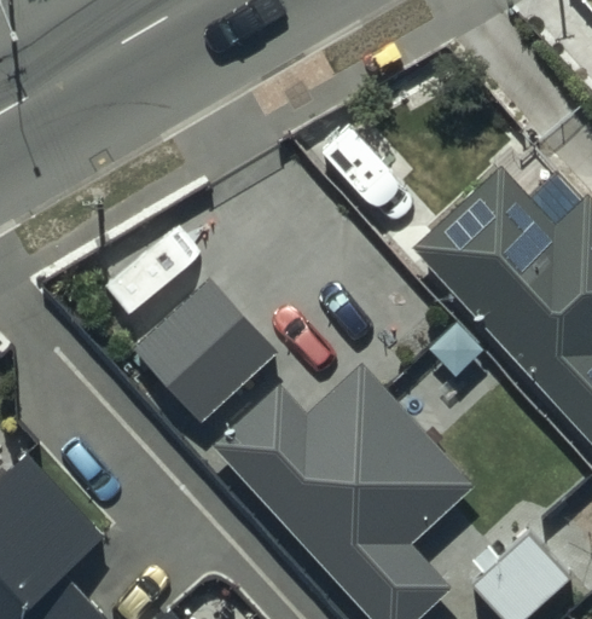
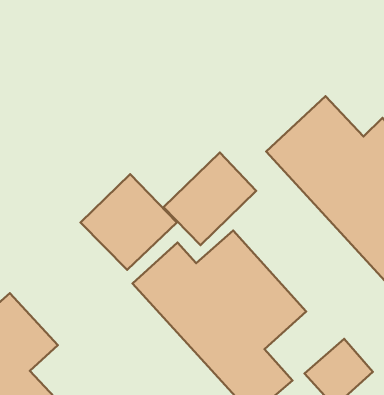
building: none -> [163,152,256,245]

